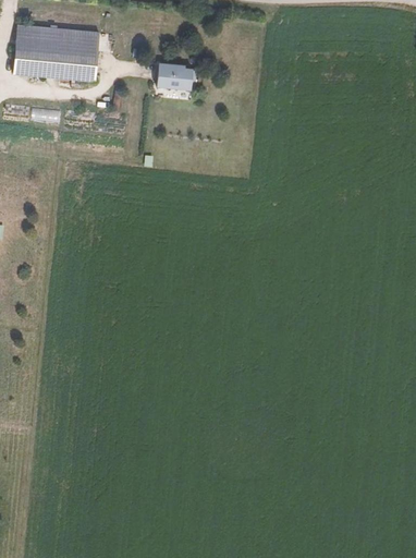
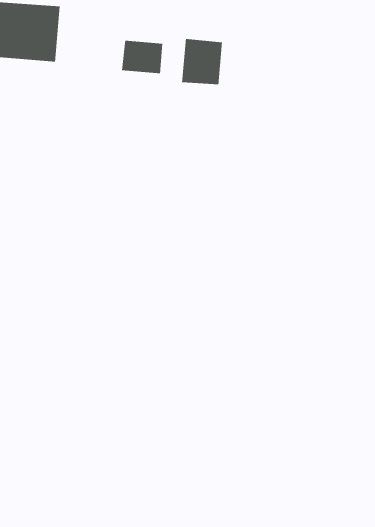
building: none -> [182,38,222,85]

